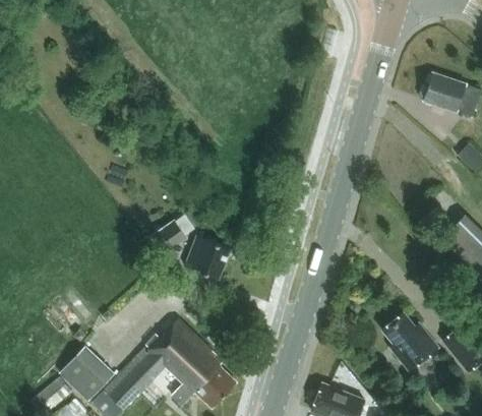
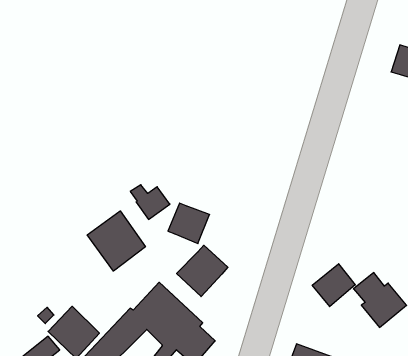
building: none -> [87,211,145,271]
building: none -> [177,245,228,297]
building: none -> [312,264,355,307]

